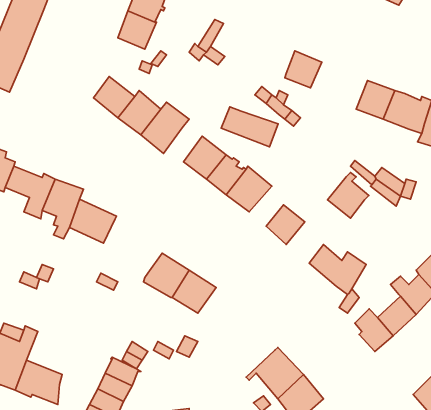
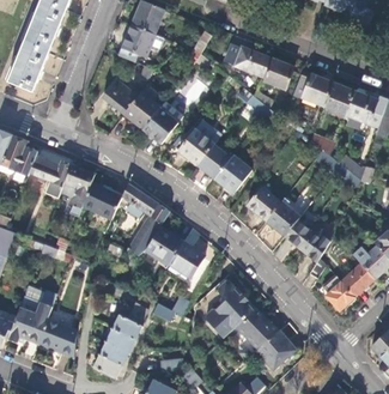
building: none -> [293,71,333,107]
building: [221,107,278,147] -> [224,43,272,77]
building: [328,173,369,218] -> [265,198,299,236]
building: none -> [121,183,170,257]
building: none -> [205,279,255,338]

